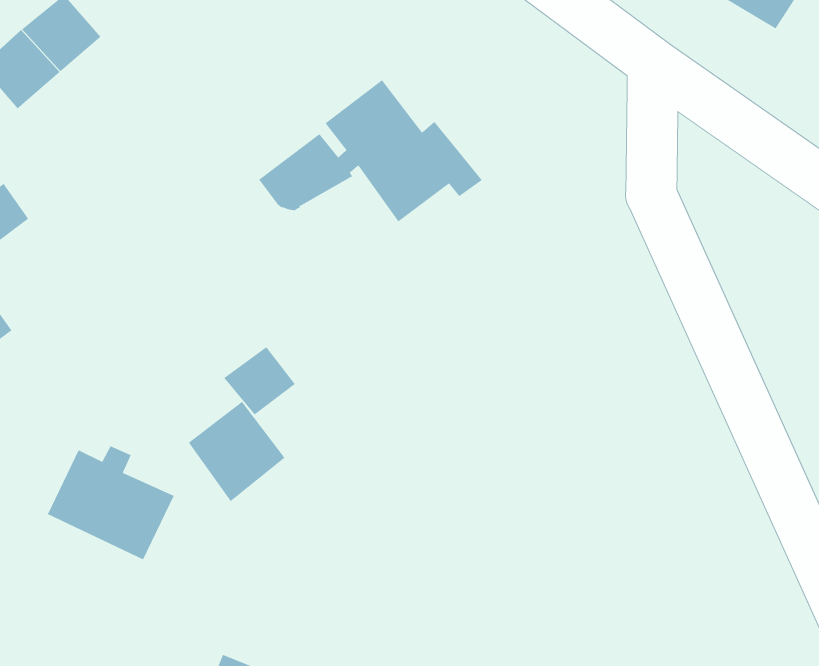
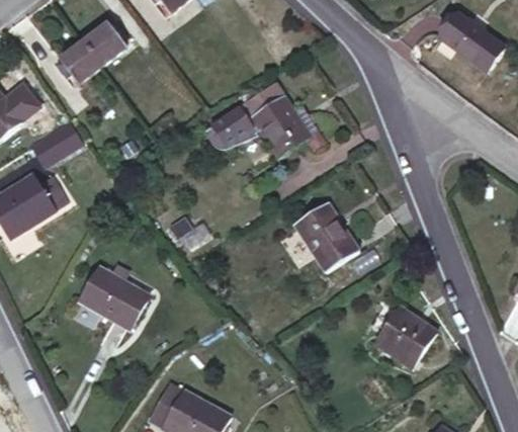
building: none -> [293,202,358,273]
building: [188,401,286,502] -> none
building: none -> [369,297,436,368]

